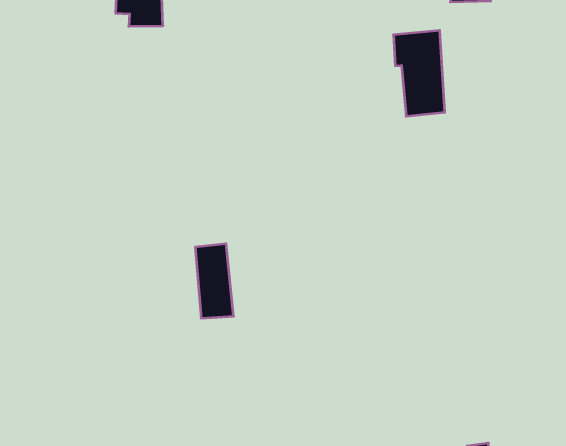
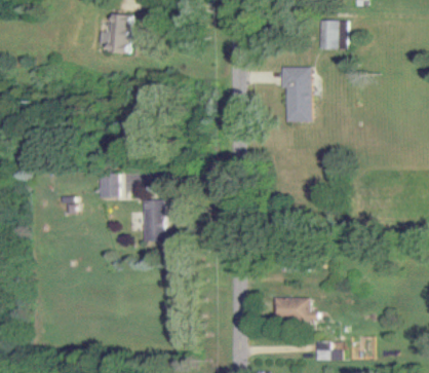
building: none -> [98,174,117,197]
building: none -> [272,298,316,322]

